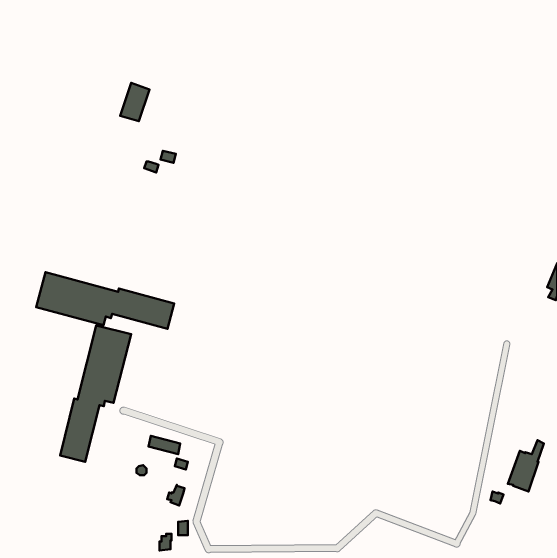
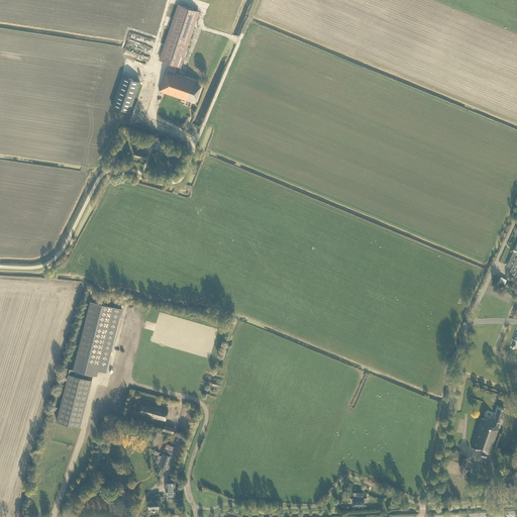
building: none -> [158,5,201,102]
building: [36,272,174,329] -> none

